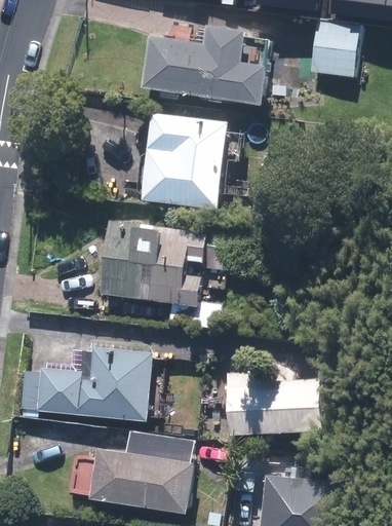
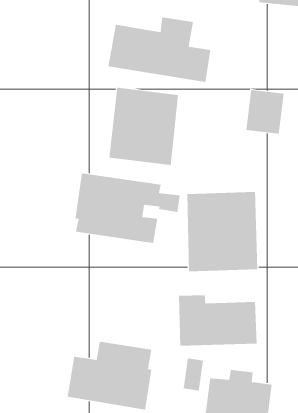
building: [310,21,358,76] -> [246,89,285,134]
building: none -> [187,191,258,272]
building: [19,346,154,421] -> none

